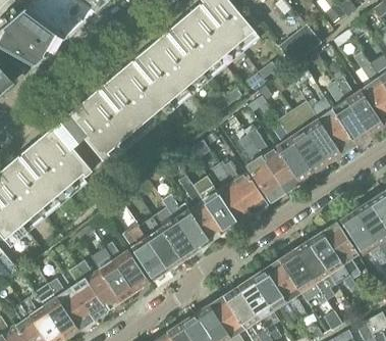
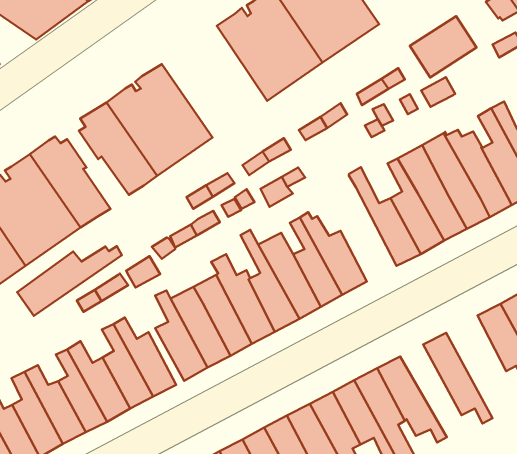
building: [117,45,188,118] -> none
building: [238,135,283,201] -> none
building: none -> [17,246,122,316]
building: [320,222,359,285] -> none
building: [291,241,335,300] -> none

